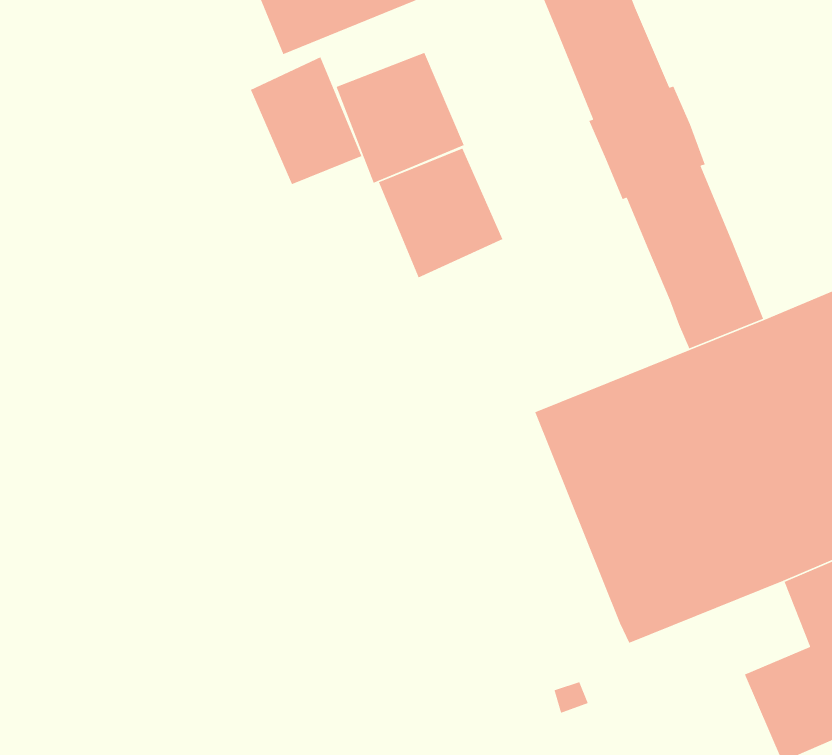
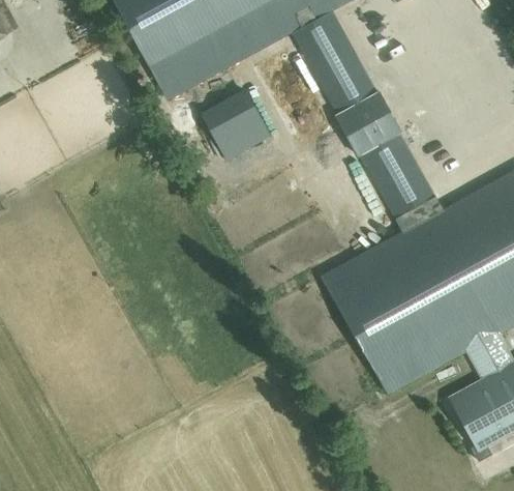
building: [250,56,363,185] -> none
building: [378,147,504,278] -> none

